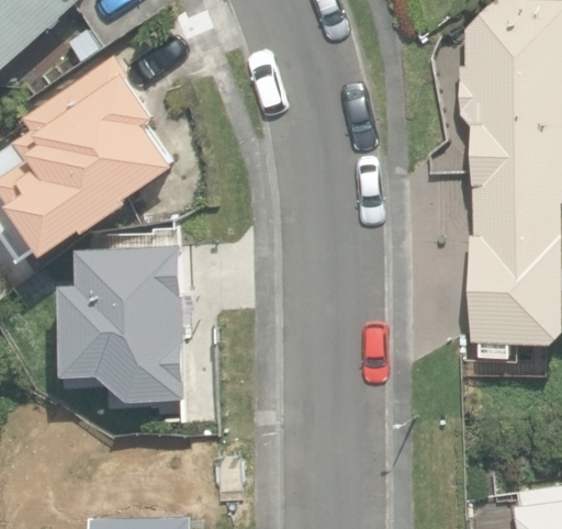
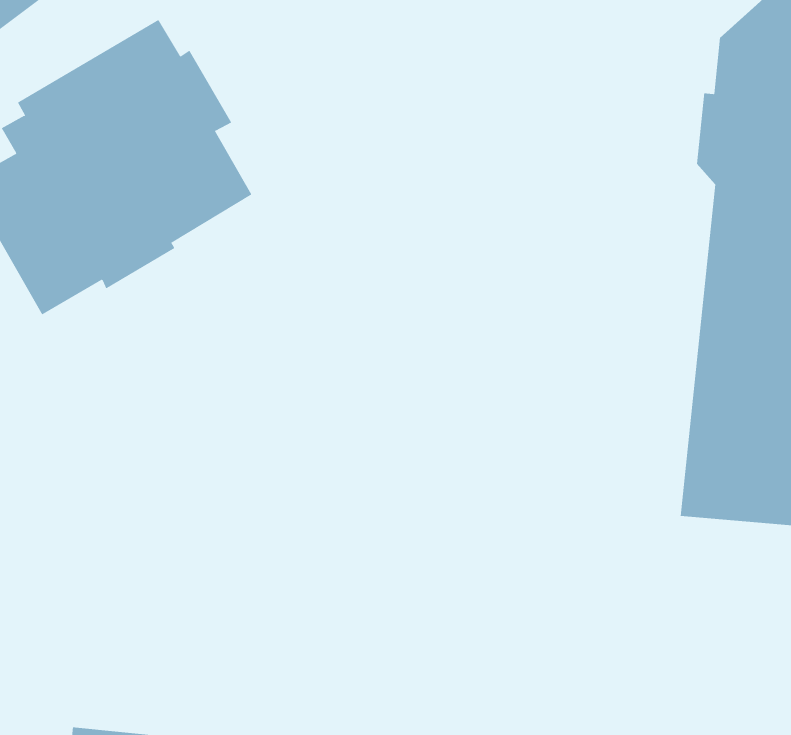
building: [60,244,187,402] -> none

